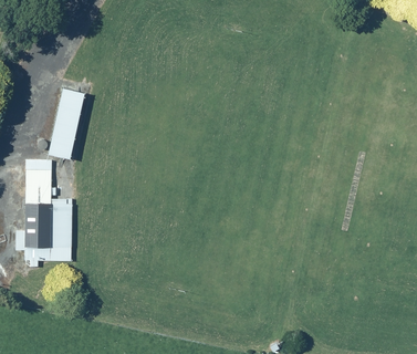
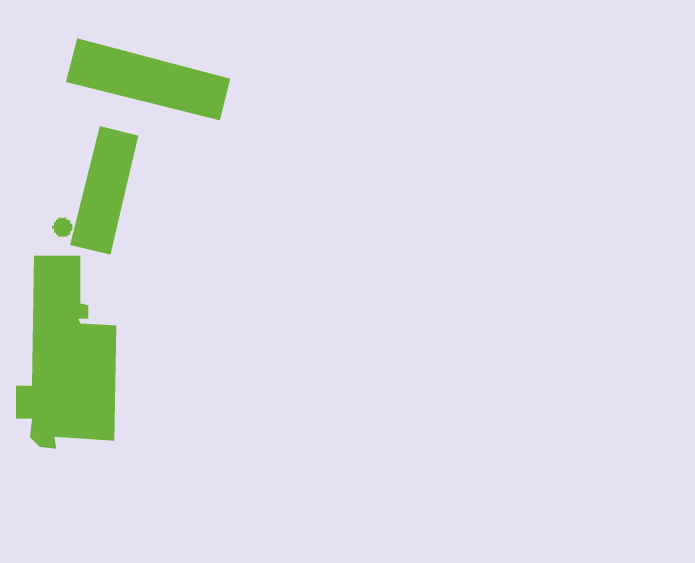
building: none -> [65,37,231,121]

